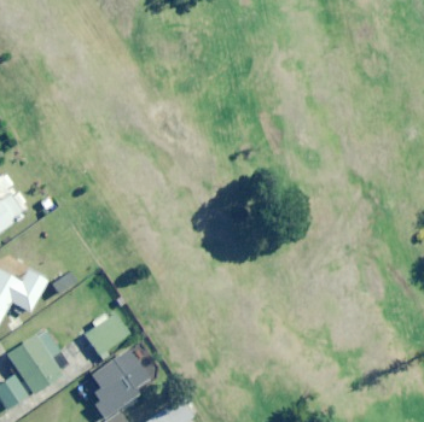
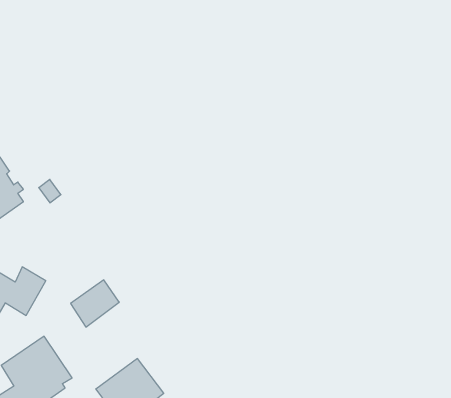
building: [87,313,129,354] -> [71,280,119,327]

